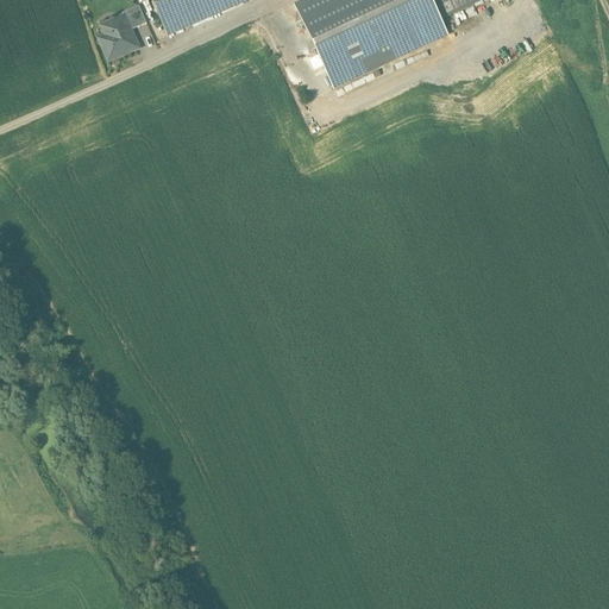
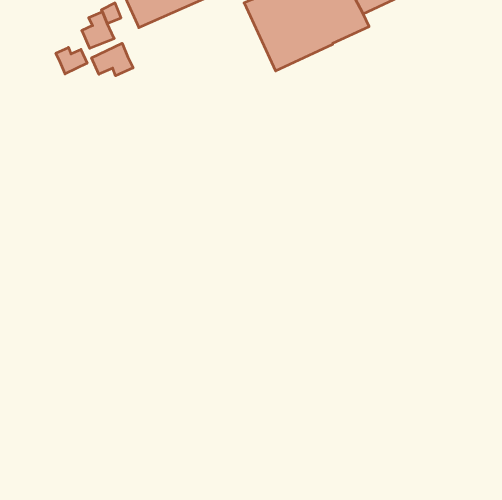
building: none -> [92,43,133,76]
building: none -> [56,47,87,74]

